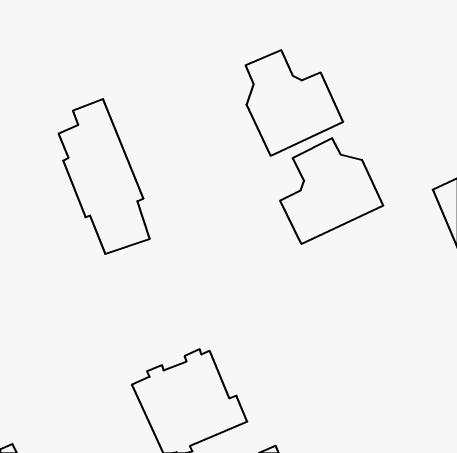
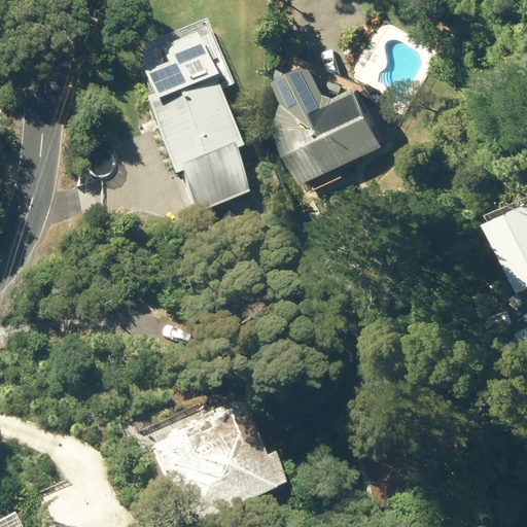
building: [59,99,150,254] -> [142,31,247,209]
building: [280,138,383,244] -> none

